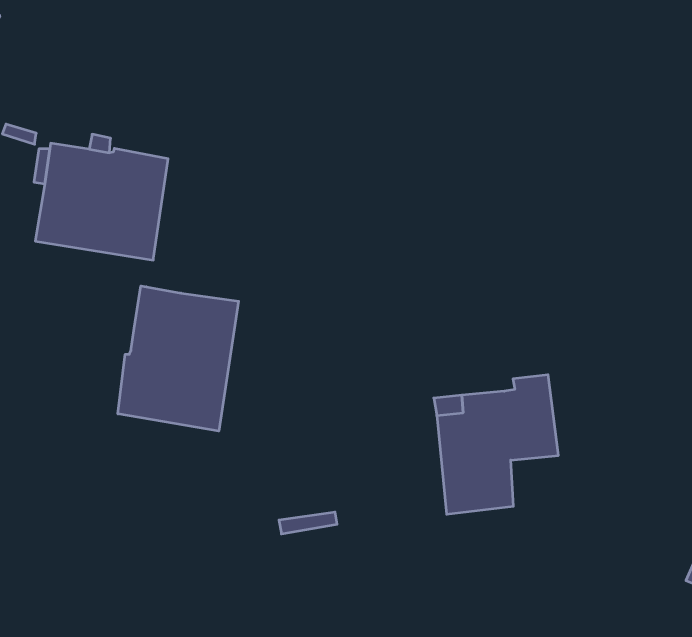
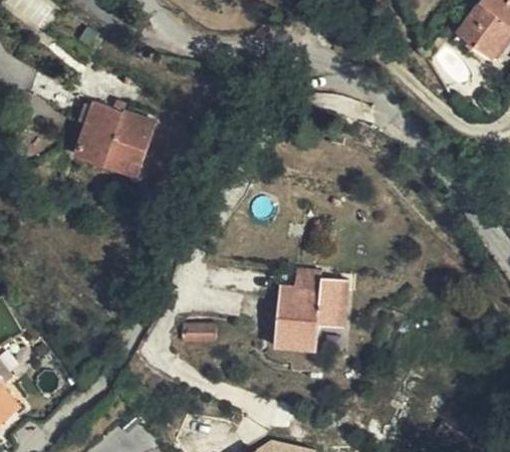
building: [118,286,239,431] -> none

